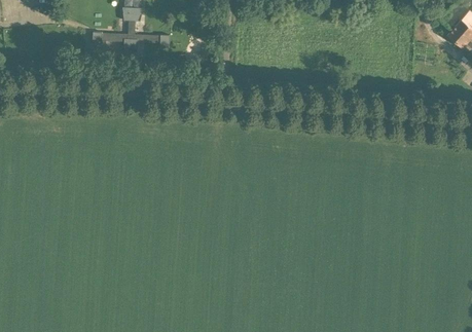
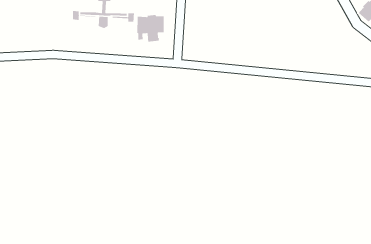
building: none -> [136,14,164,42]

